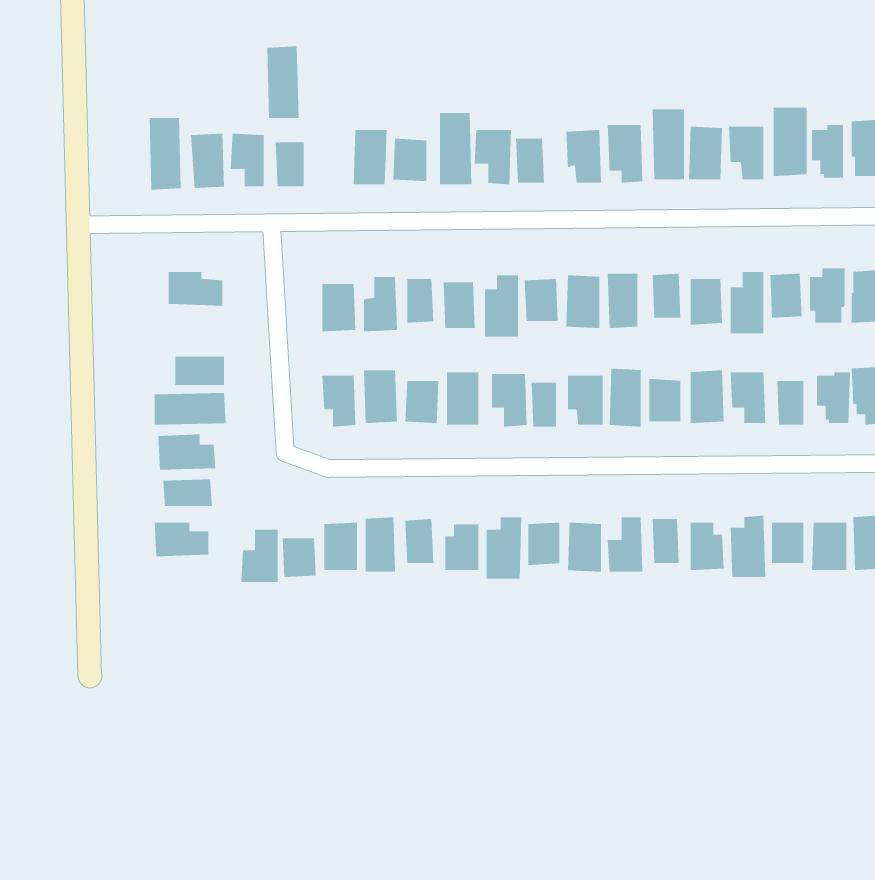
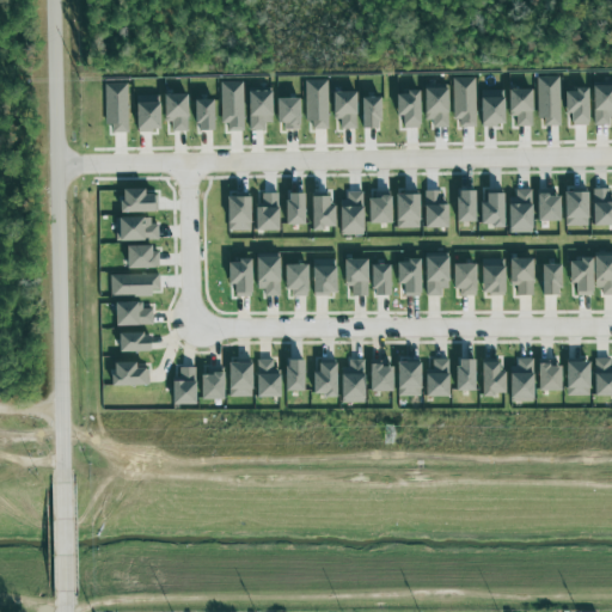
building: [266,46,299,118] -> [225,79,247,129]
building: none -> [120,216,161,239]

